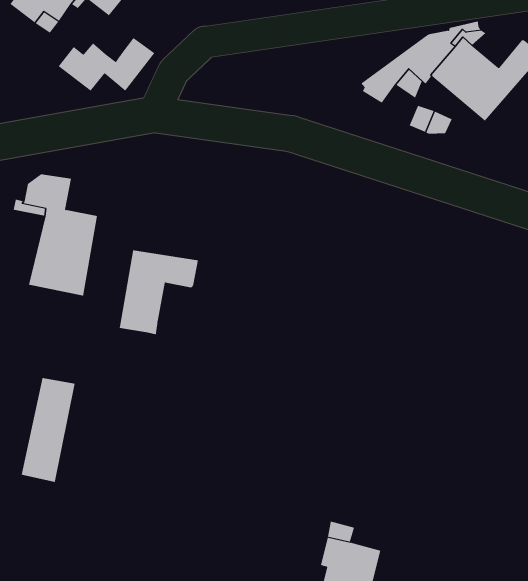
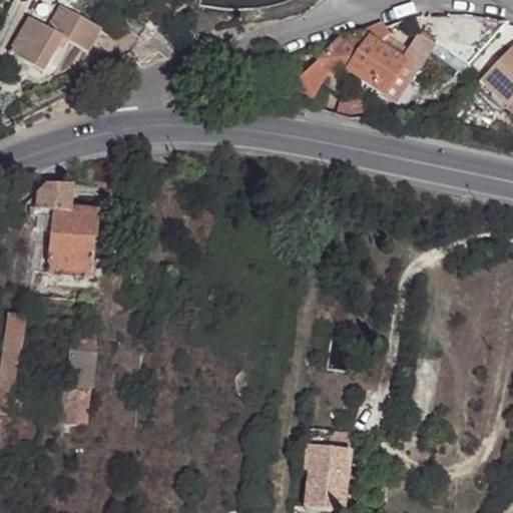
building: [58,37,155,91] -> none
building: [119,249,199,335] -> none

